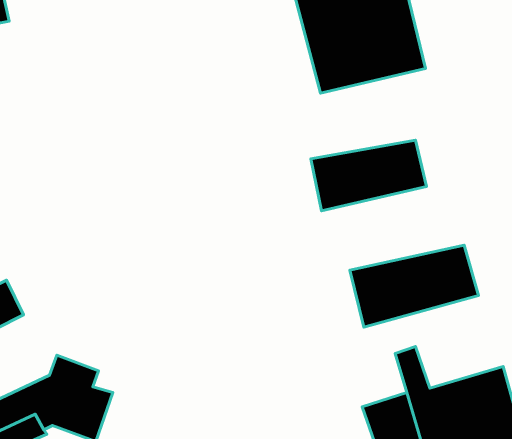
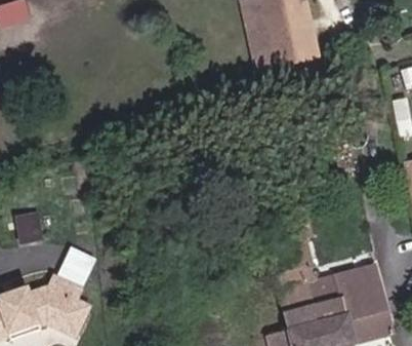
building: [311,140,427,211] -> none
building: [350,245,478,327] -> none

